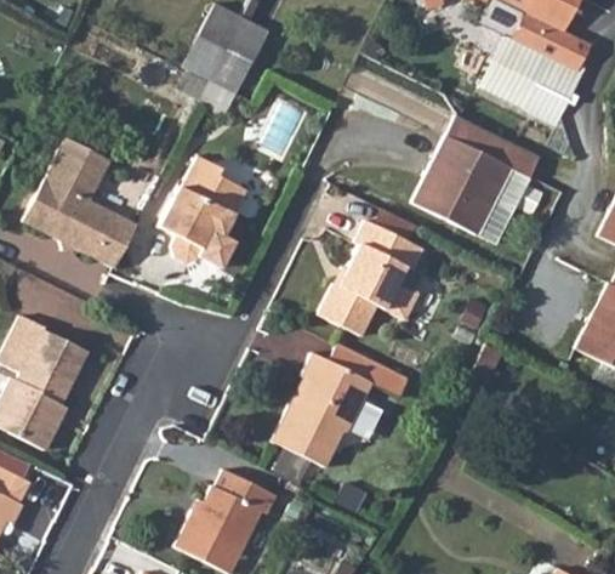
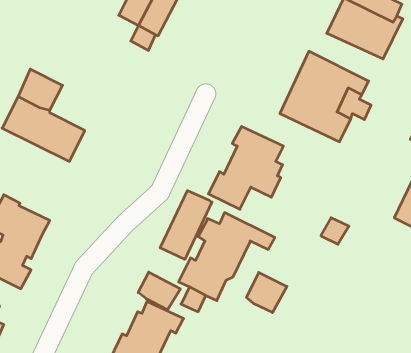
building: [156,161,245,257] -> none
building: none -> [160,191,212,259]
building: none -> [138,272,180,310]
building: none -> [247,272,287,313]

